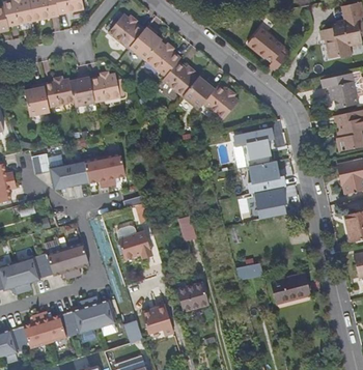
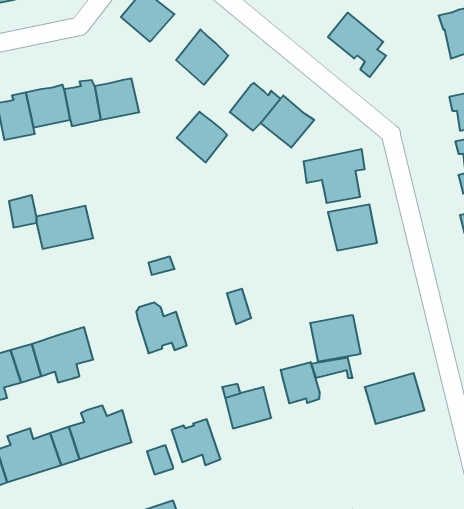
building: [128,26,161,61] -> none
building: [161,62,195,96] -> [177,112,227,162]
building: [83,151,125,187] -> none
building: [253,184,287,216] -> [310,315,361,361]
building: none -> [281,362,319,403]

